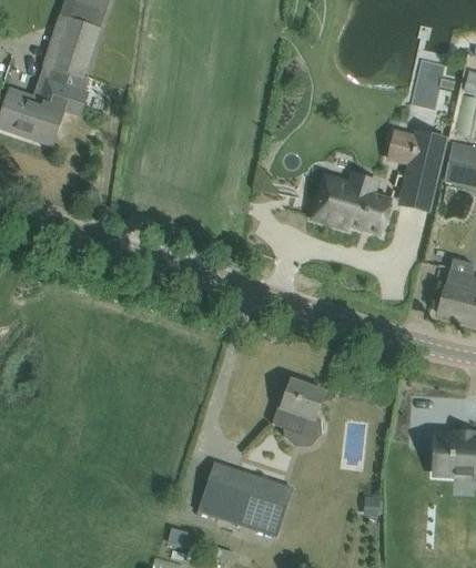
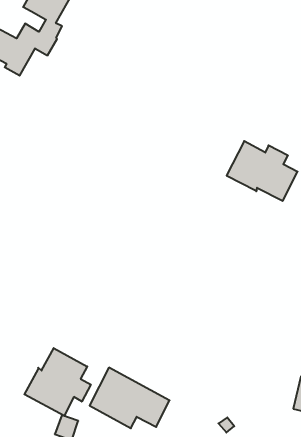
building: [272,379,325,433] -> none
building: none -> [24,348,91,416]

